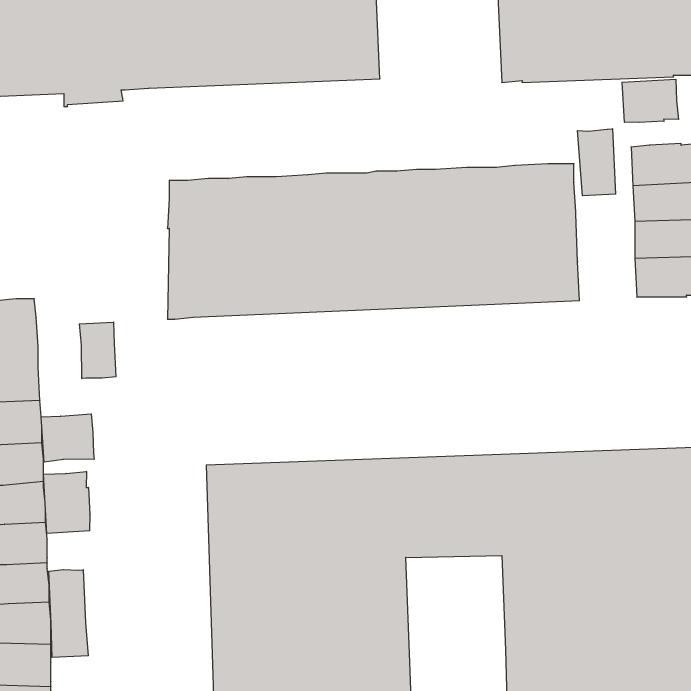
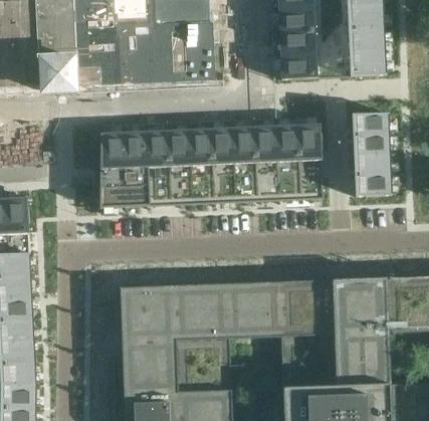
building: [622,79,678,122] -> none
building: [578,129,616,196] -> none
building: [79,322,116,379] -> none
building: [41,414,94,462] -> none
building: [44,471,90,533] -> none
building: [49,570,88,657] -> none

